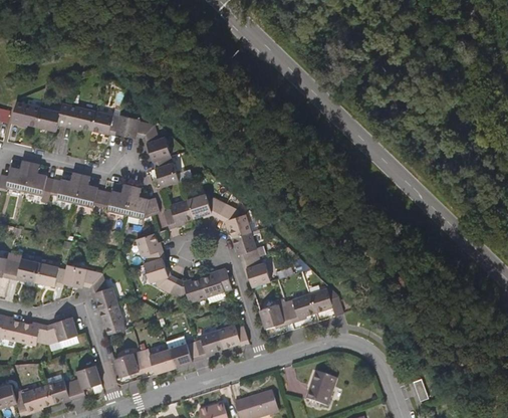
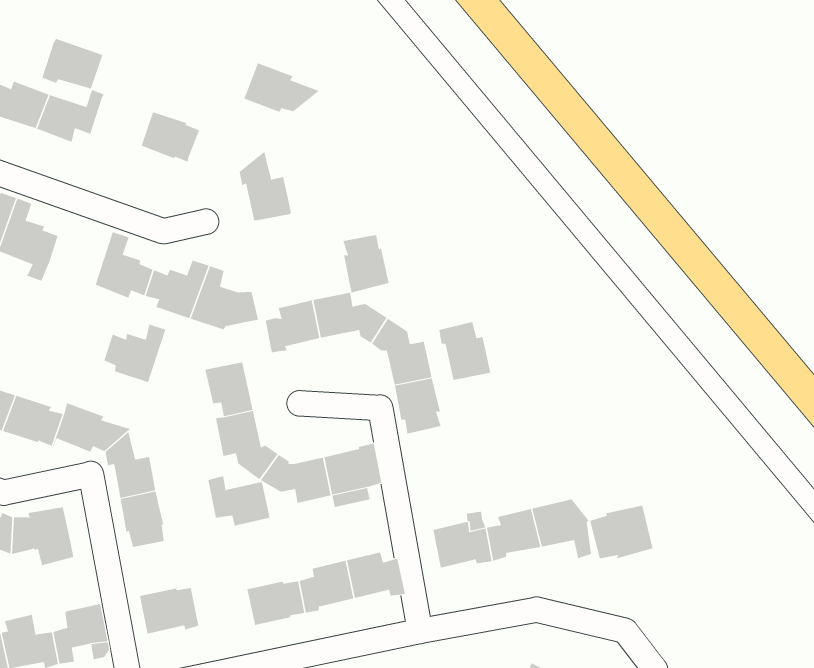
building: [65,104,95,129] -> [41,38,103,89]
building: [116,114,155,138] -> [244,63,320,112]
building: [154,156,180,187] -> [343,235,390,293]
building: [51,172,81,202] -> [104,324,166,383]
building: [242,255,271,286] -> [438,322,491,381]
building: none -> [589,505,653,559]
building: [141,348,175,373] -> [208,476,271,526]

